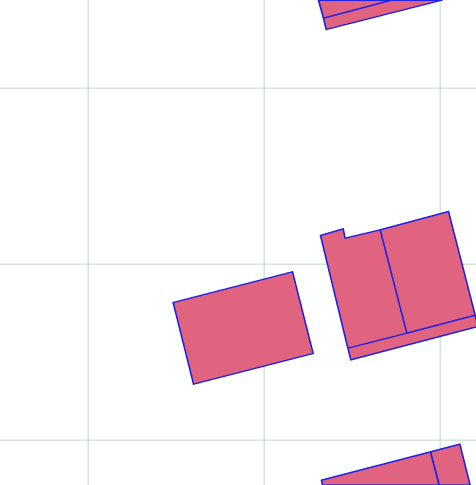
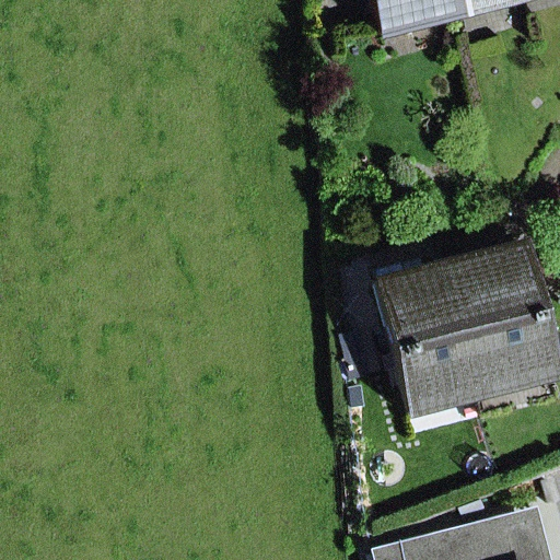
building: [173,272,313,384] -> none

